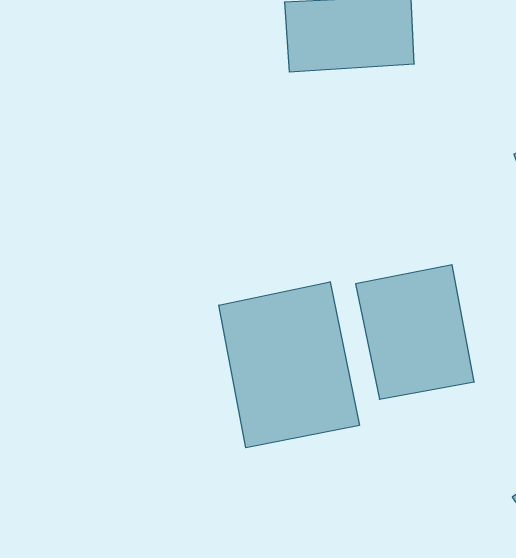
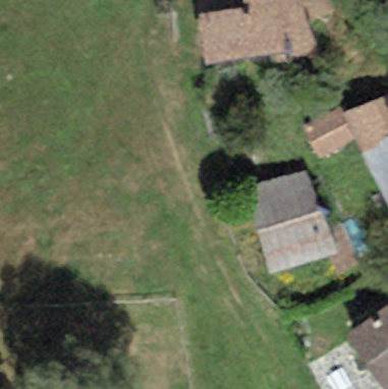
building: [219,282,359,448] -> none

